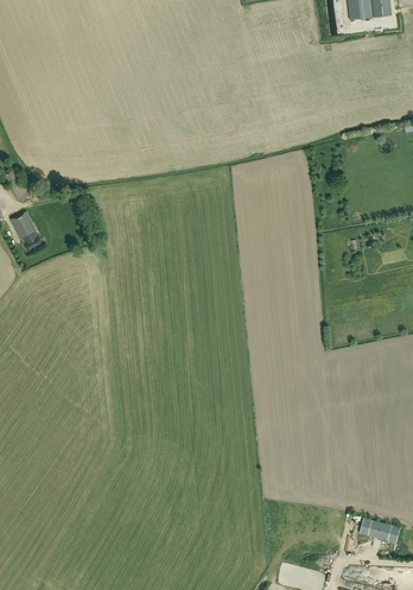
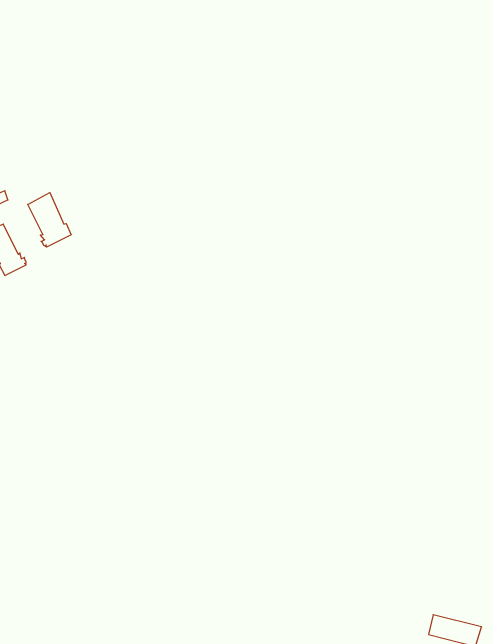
building: none -> [28,193,71,247]

